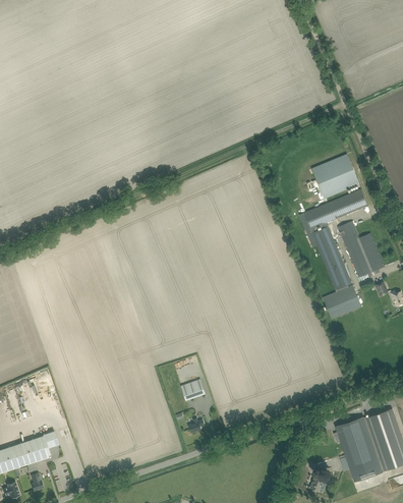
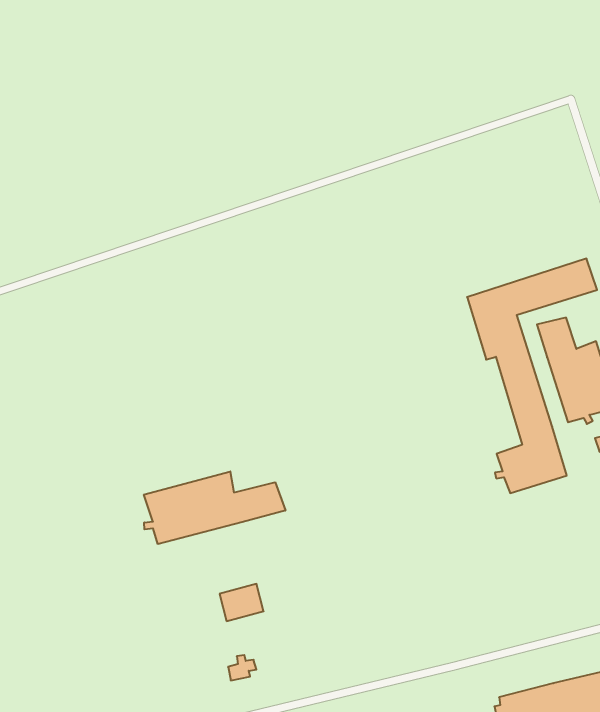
building: [312,154,359,199] -> none
building: none -> [144,471,285,544]

